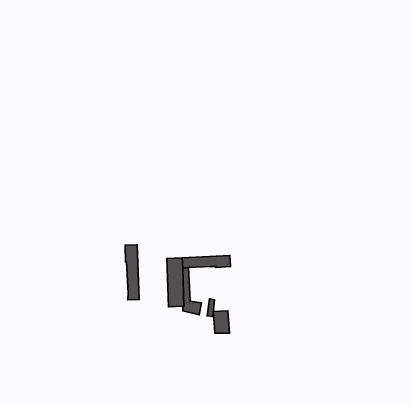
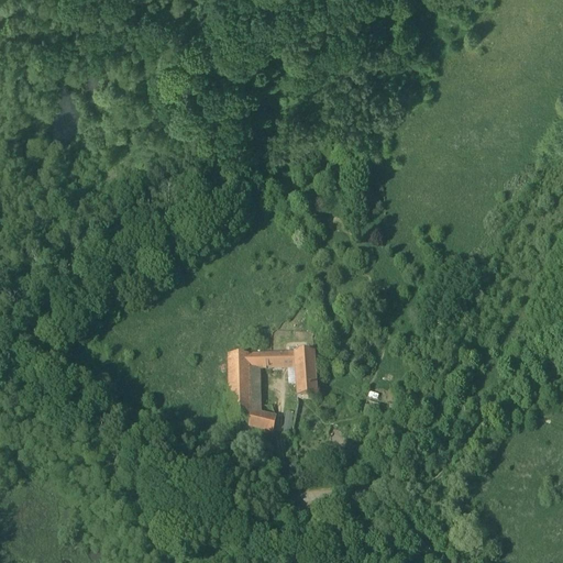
building: [125,245,139,300] -> none
building: [213,311,229,333] -> [296,364,318,395]

